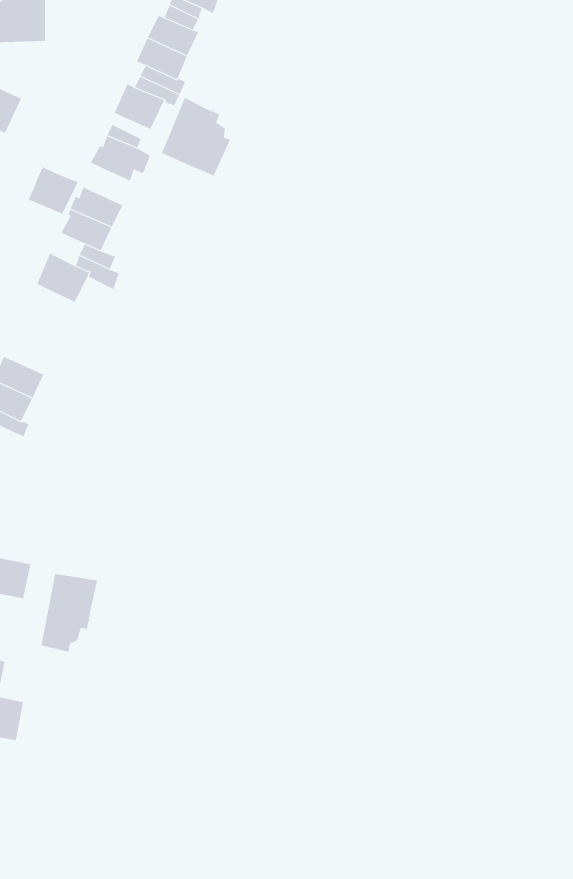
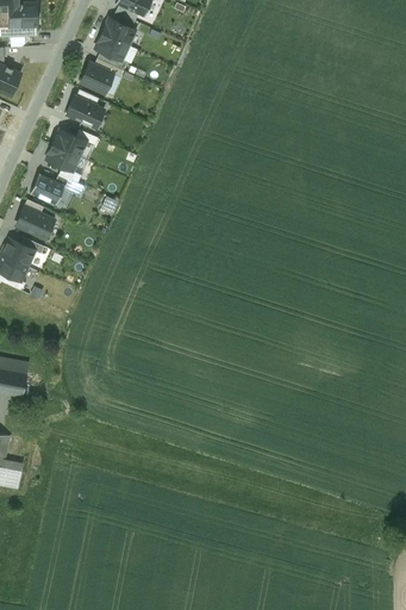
building: [161,97,231,177] -> none
building: [28,166,78,214] -> none
building: none -> [14,204,54,238]
building: [41,573,98,652] -> none

